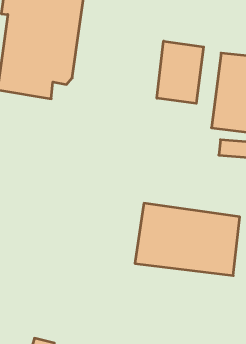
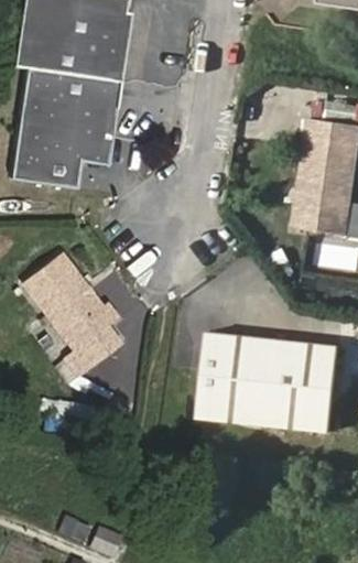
building: [157,41,204,103] -> none
building: none -> [24,259,126,357]

